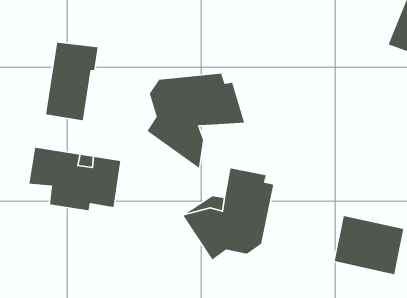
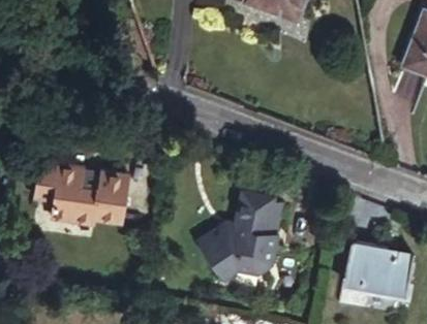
building: [45,42,98,121] -> none
building: [146,73,245,169] -> none

